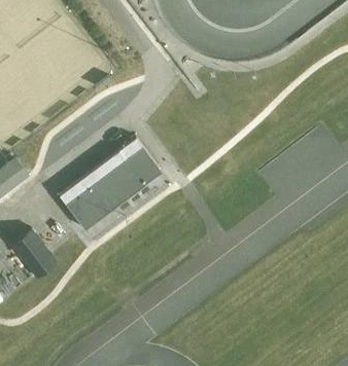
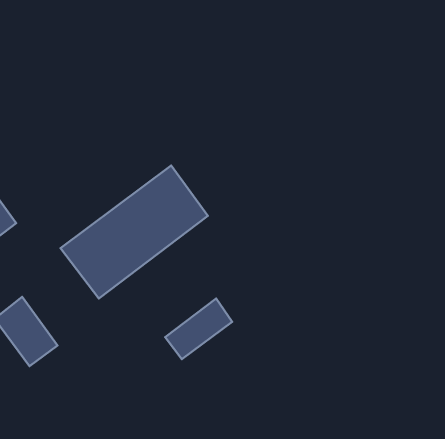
building: none -> [165,298,232,359]

